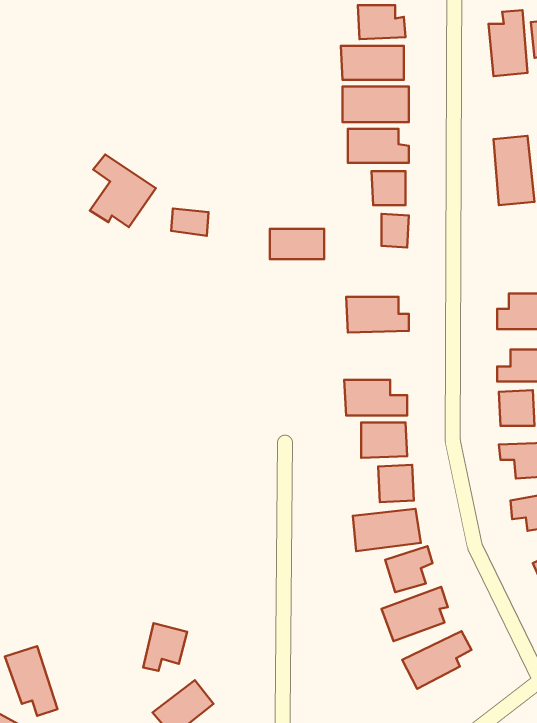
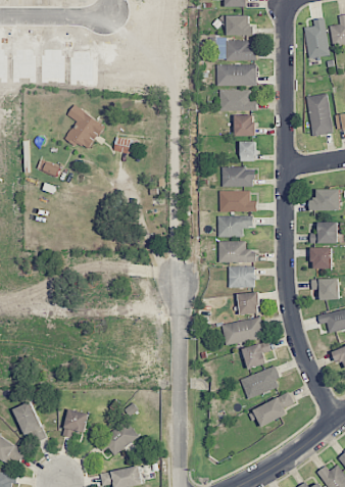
building: [270,229,324,259] -> [221,167,254,186]
building: none -> [217,215,253,237]
building: [143,623,187,671] -> [62,408,89,437]

